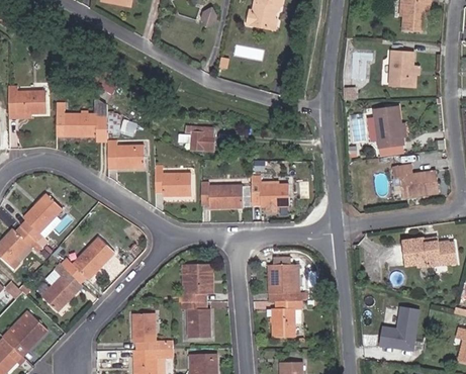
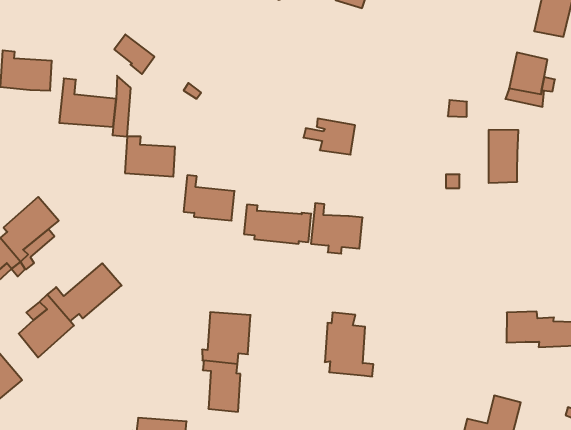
building: [177,125,214,150] -> [303,119,355,155]
building: [390,163,436,197] -> none
building: [271,300,301,337] -> none
building: [132,312,173,349] -> none

